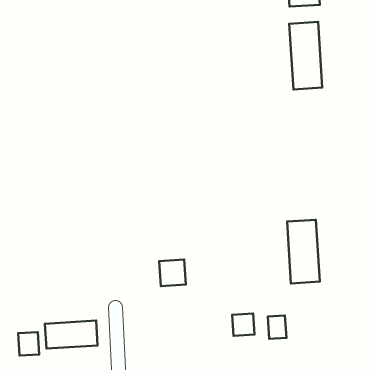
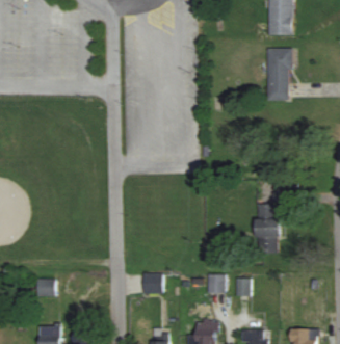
building: [159,260,186,286] -> [141,273,161,293]
building: [45,321,98,349] -> none

